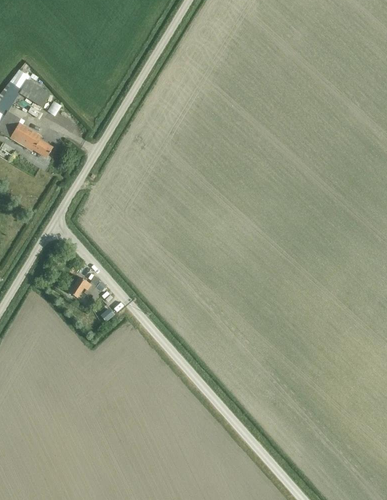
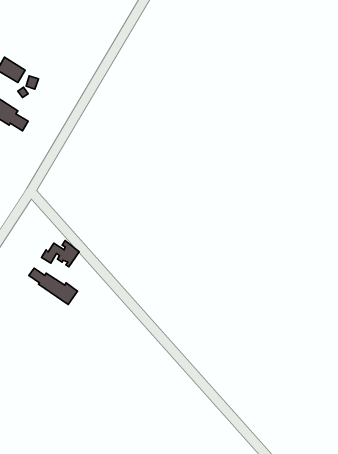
building: none -> [29,268,77,305]

